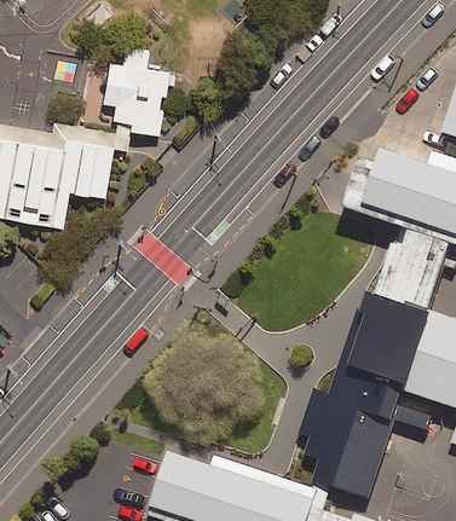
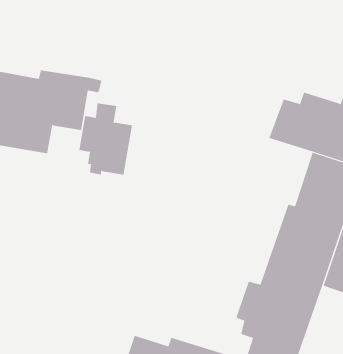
building: [102,45,169,135] -> [79,103,133,175]

